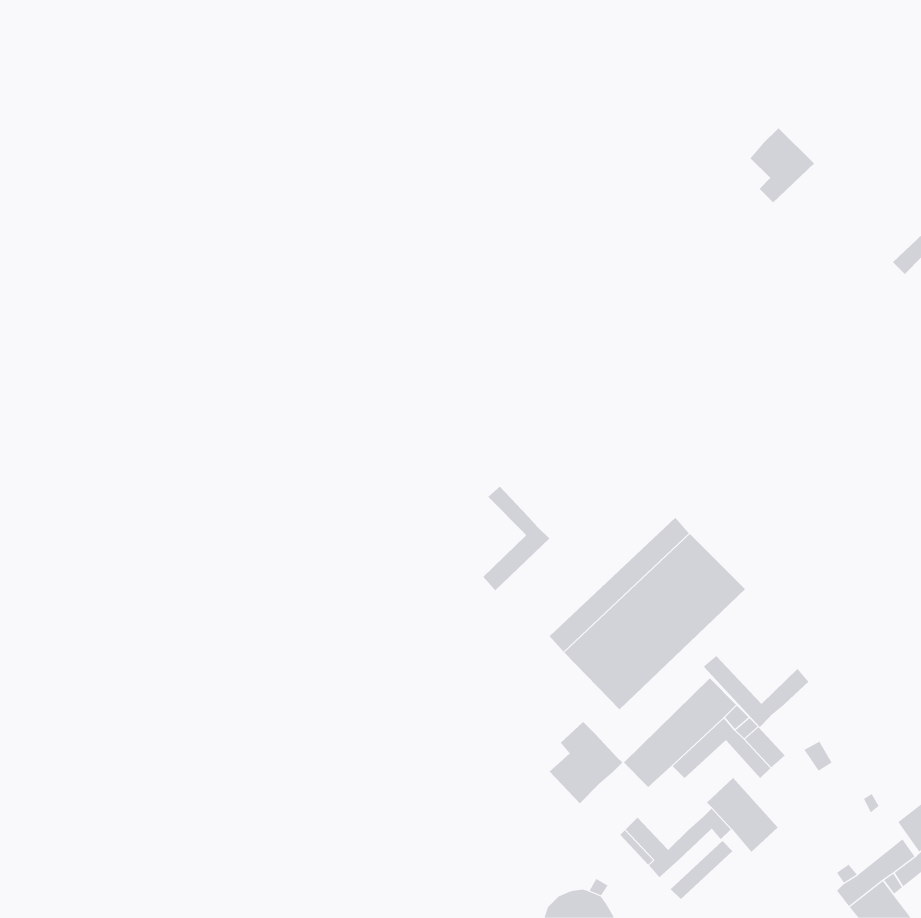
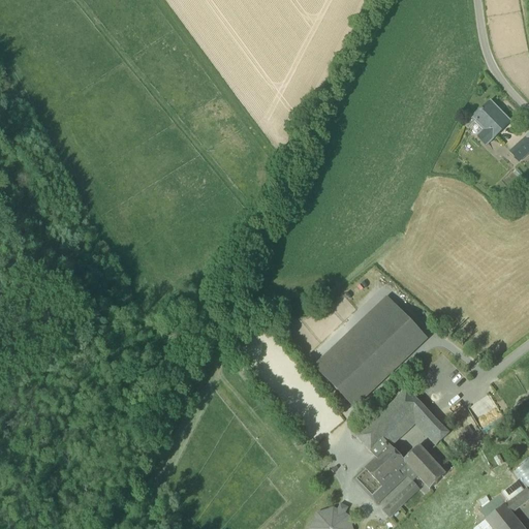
building: [750,127,815,203] -> [474,100,511,144]
building: [483,486,550,591] -> none
building: [703,655,809,728] -> none
building: [549,721,623,804] -> [366,438,408,486]

